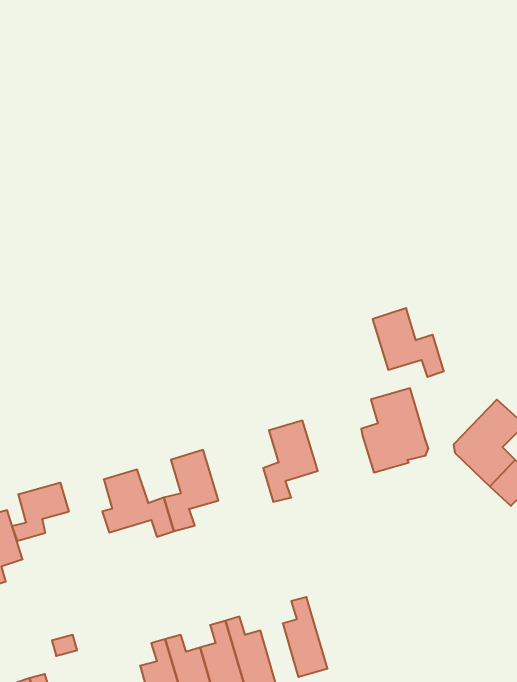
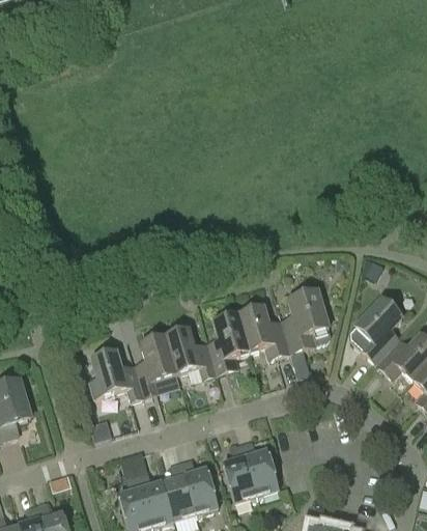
building: [373,308,444,377] -> [238,304,291,355]
building: none -> [165,327,217,376]
building: [12,483,69,541] -> none
building: none -> [241,440,280,496]

